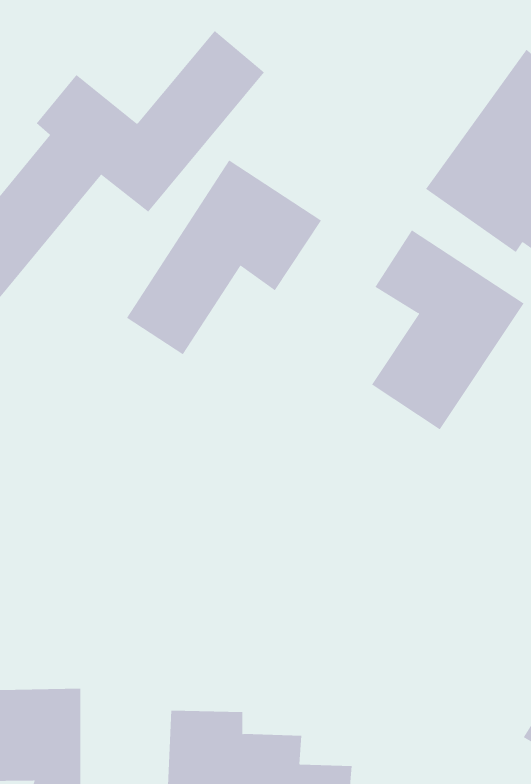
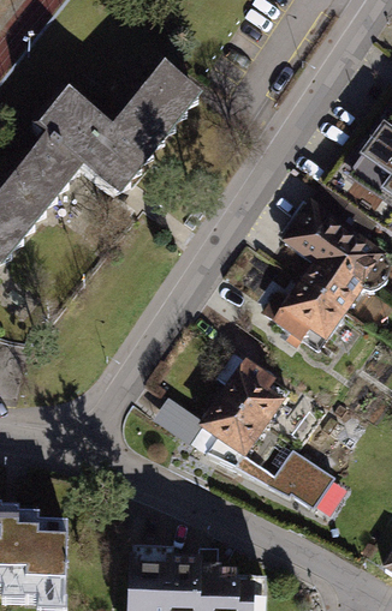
building: [126,159,322,355] -> none
building: none -> [196,355,334,504]

